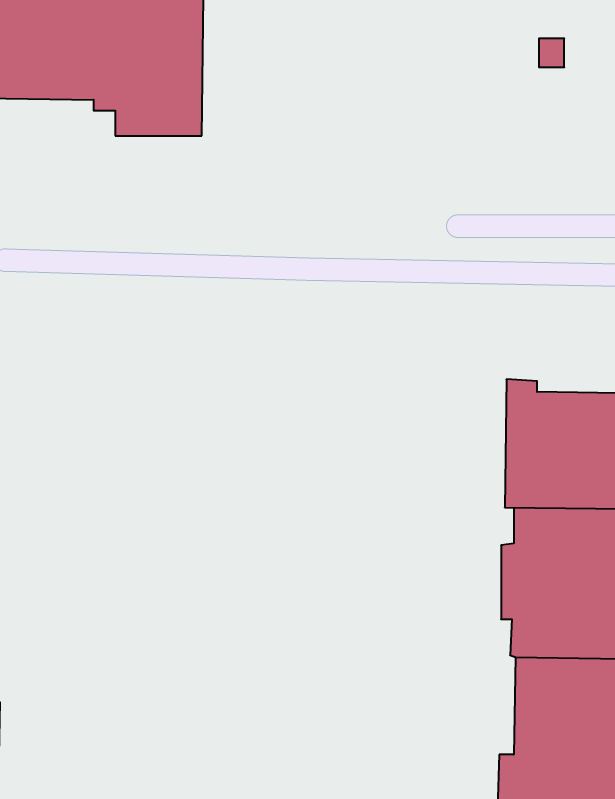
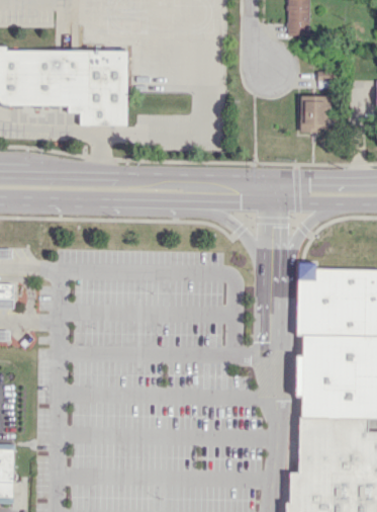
building: none -> [300,93,331,133]

